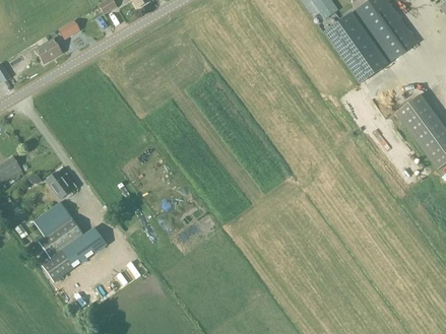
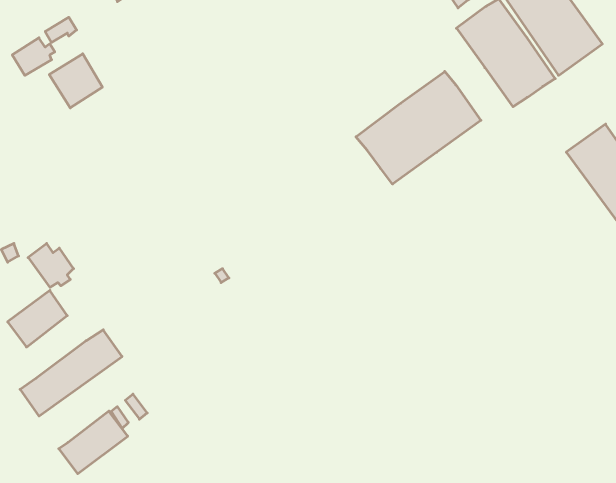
building: none -> [49,54,102,108]
building: none -> [356,71,481,184]
building: [39,217,83,258] -> [59,411,128,474]

